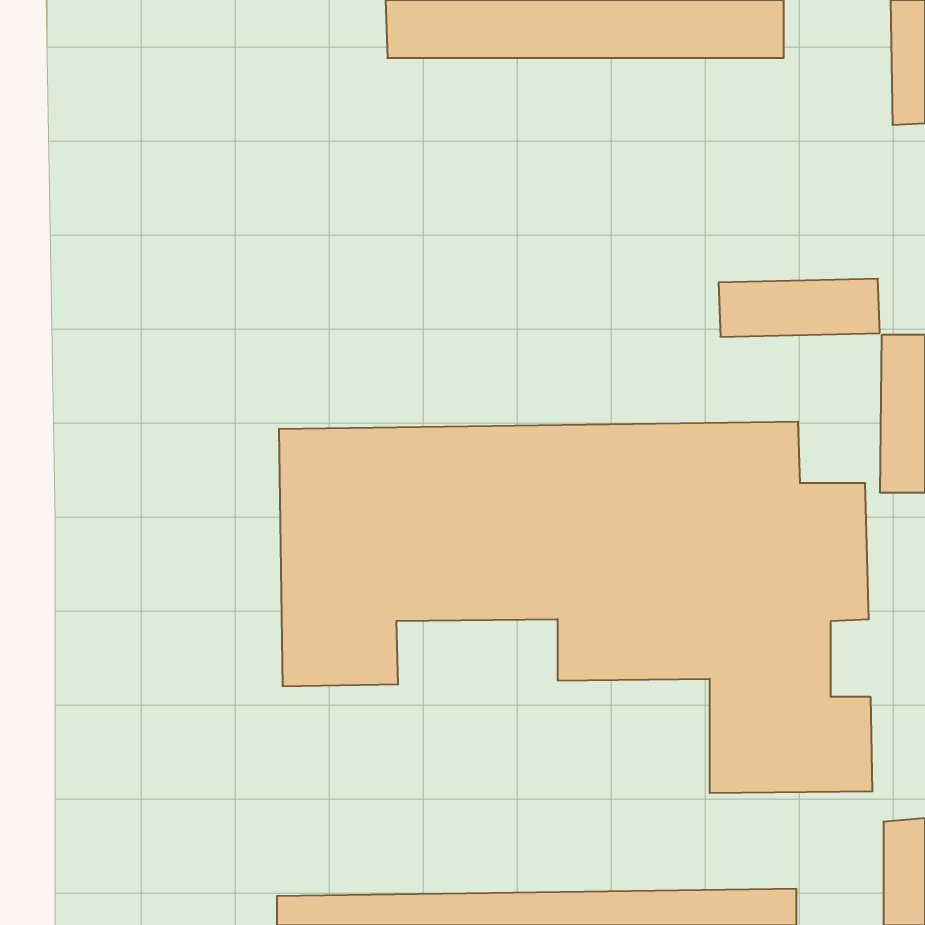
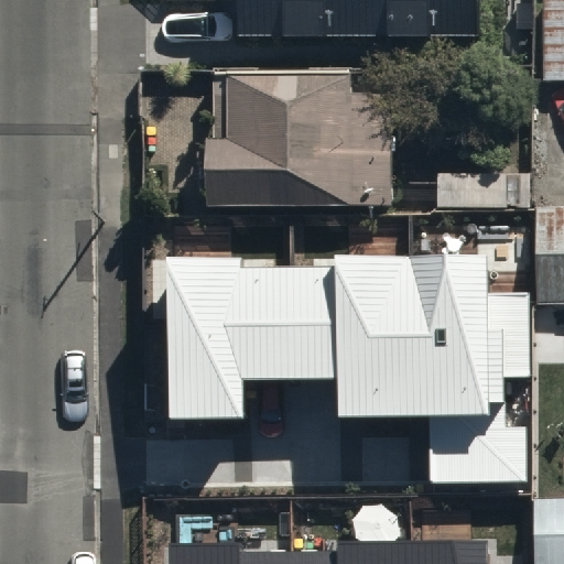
building: none -> [207,70,392,205]

